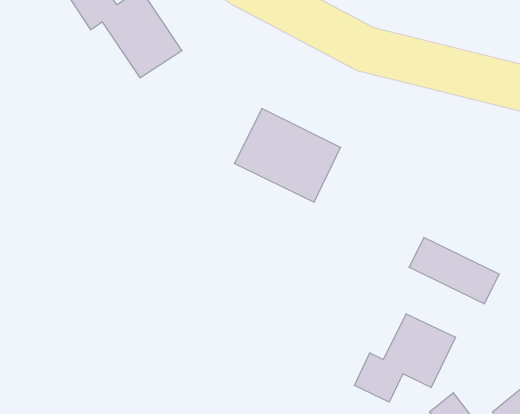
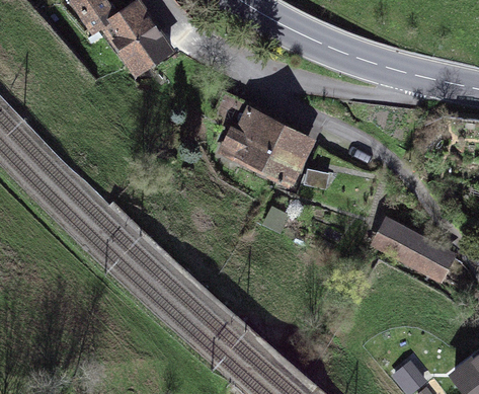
building: [354,314,456,402] -> none

